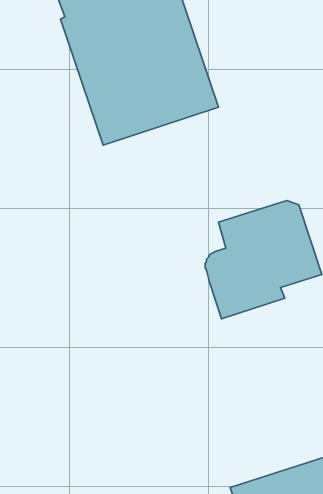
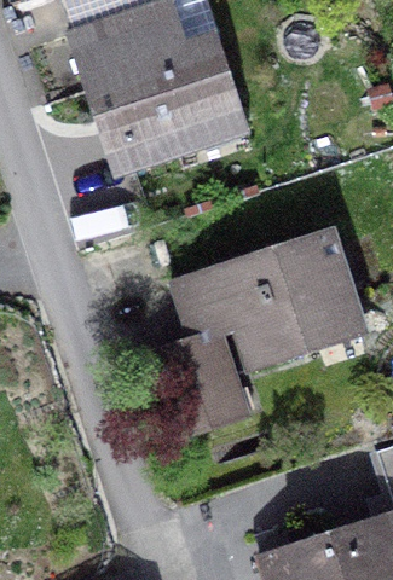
building: none -> [149,256,256,436]

